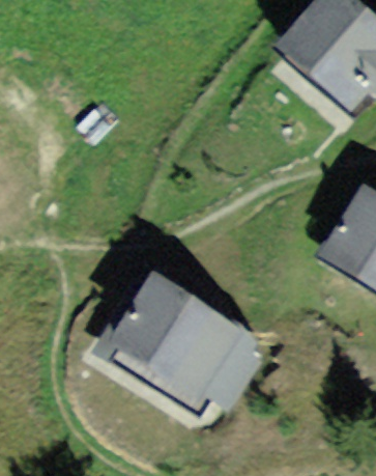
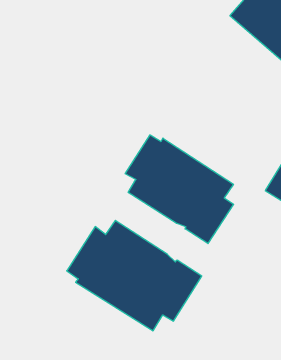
building: none -> [125,135,234,244]

